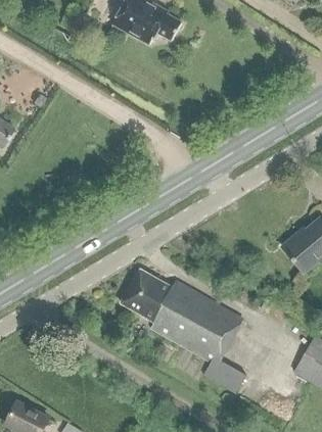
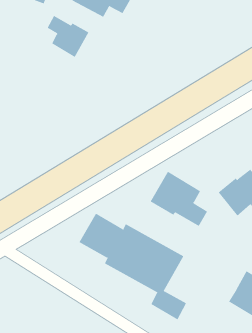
building: none -> [47,15,89,58]
building: none -> [150,171,208,227]

